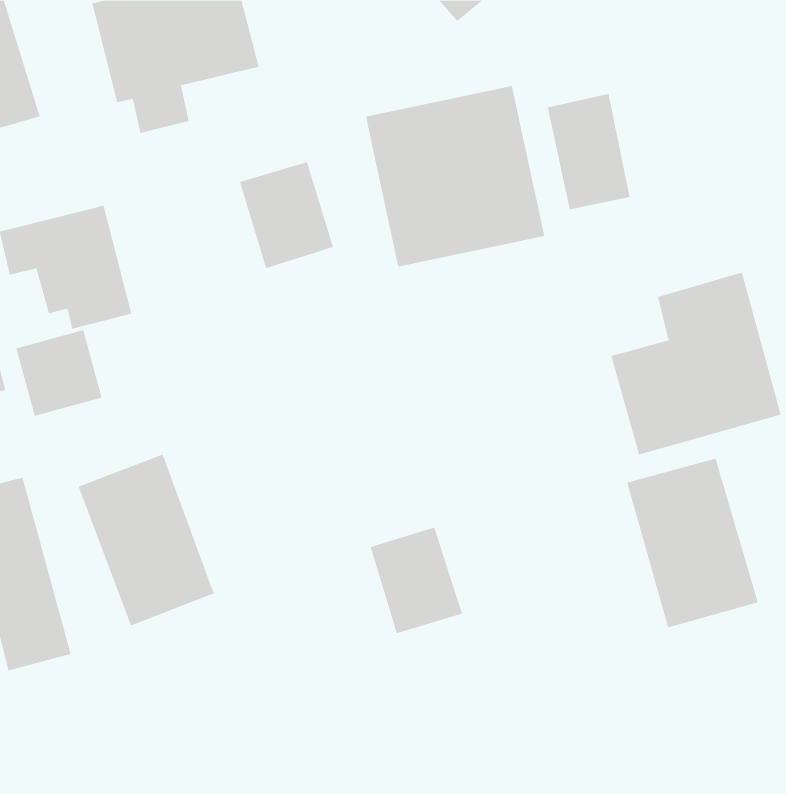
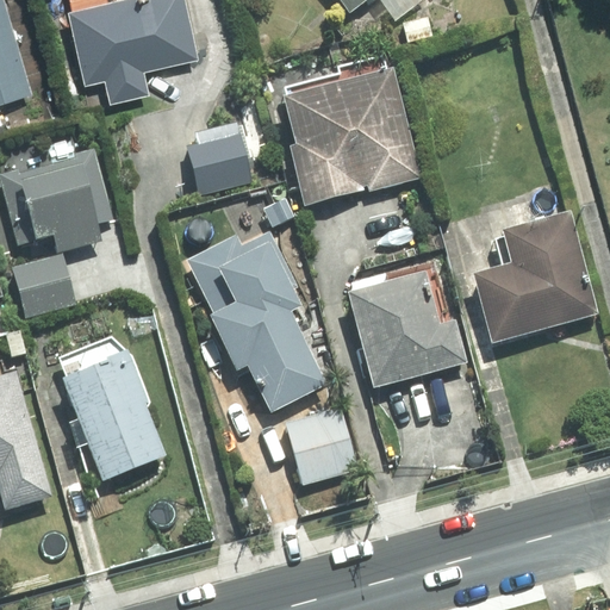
building: [547,93,630,210] -> none
building: none -> [182,232,324,411]
building: none -> [346,262,463,384]
building: [627,458,758,628] -> none

